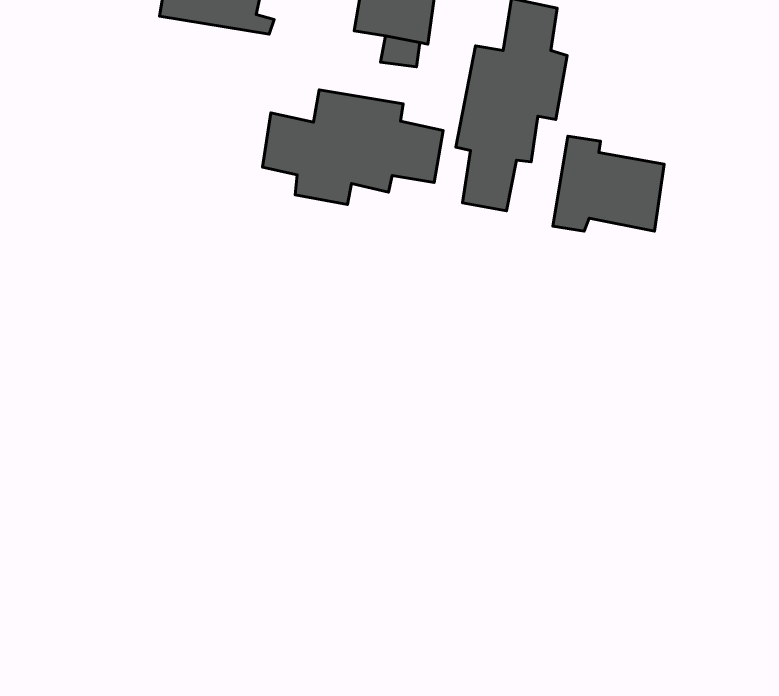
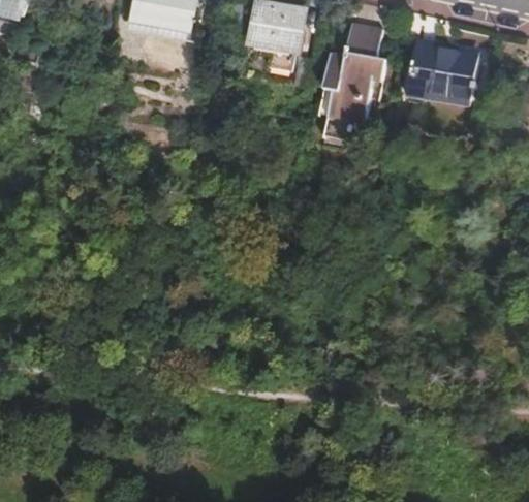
building: [263,90,443,204] -> none
building: [553,136,664,231] -> [409,37,479,97]

